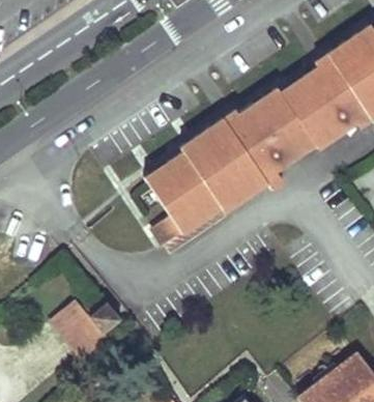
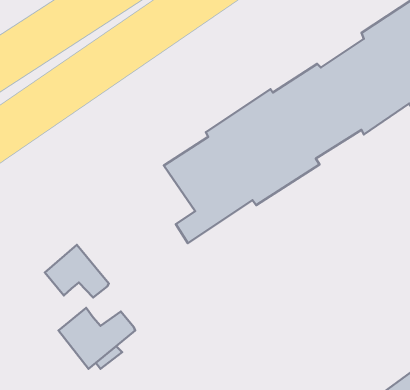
building: none -> [45,245,109,298]

